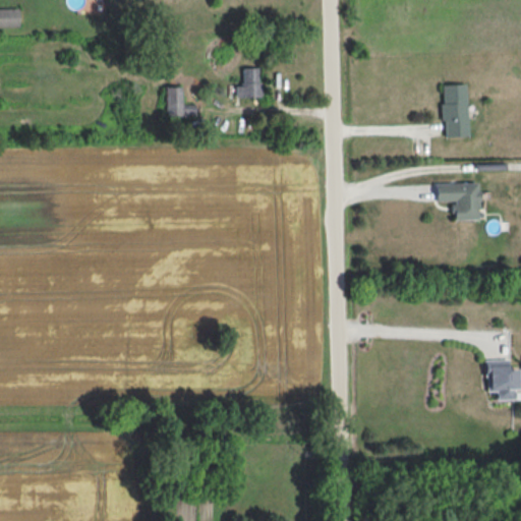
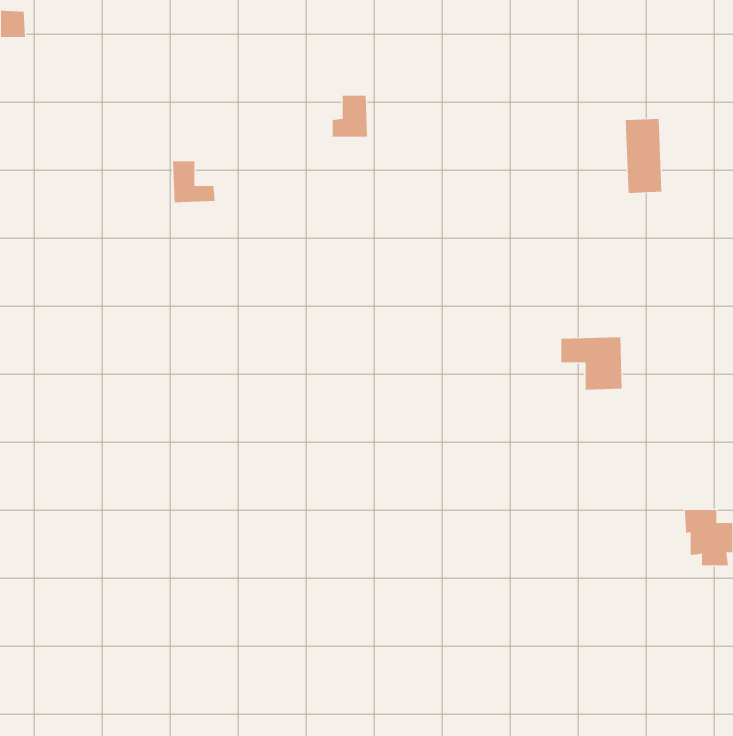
building: [167,88,197,117] -> [172,161,216,203]
building: [437,183,480,221] -> [560,337,622,390]

